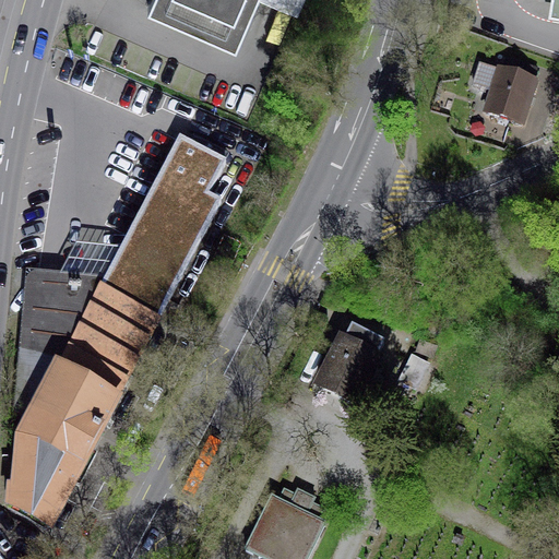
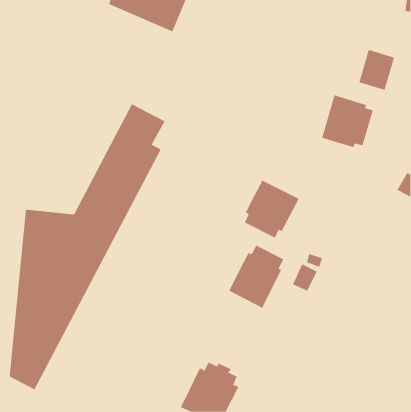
building: none -> [321,94,373,148]
building: none -> [244,180,300,239]

